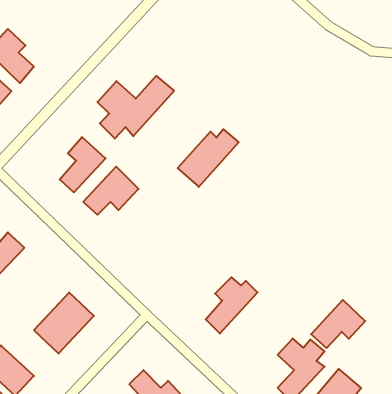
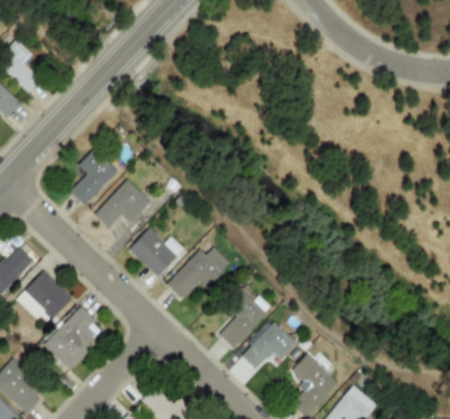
building: [97,76,174,139] -> none
building: [178,129,239,187] -> [165,245,227,304]
building: none -> [128,226,183,277]
building: none -> [17,269,72,326]
building: [311,300,365,348] -> [241,321,296,370]

